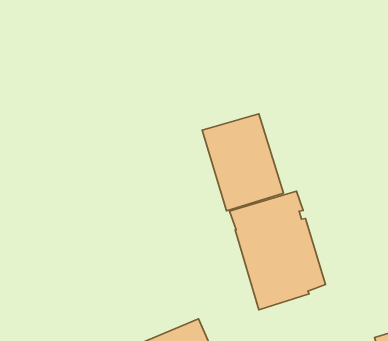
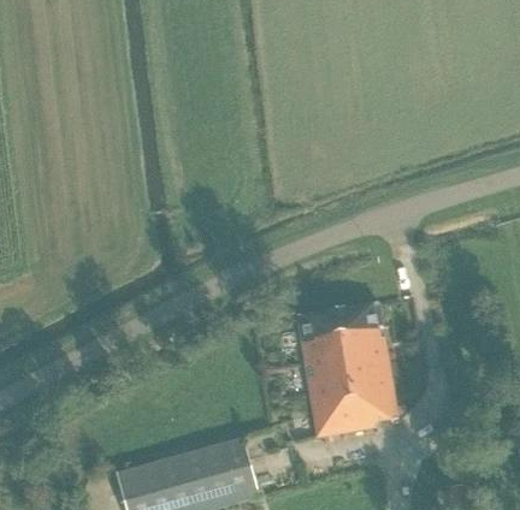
building: [202,114,283,211] -> none

